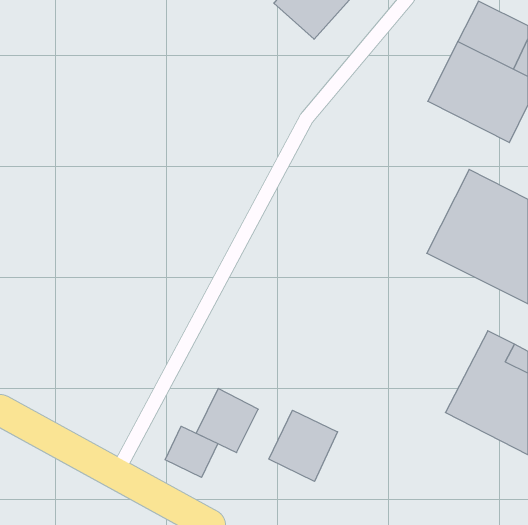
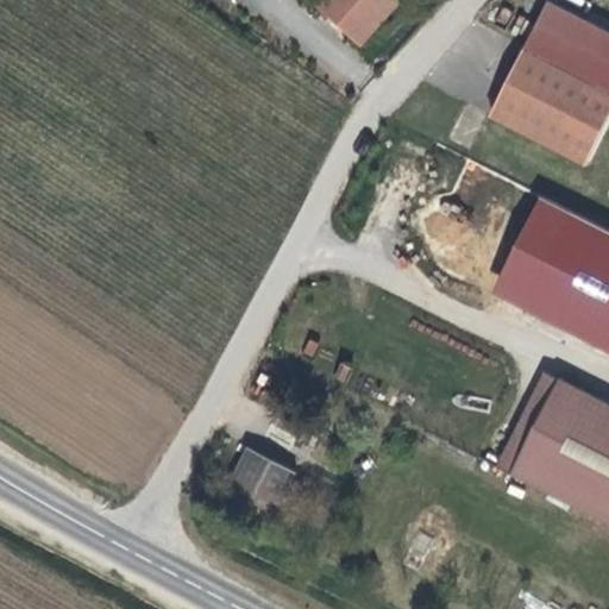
building: [269,410,338,481] -> none
building: [165,426,218,477] -> none

